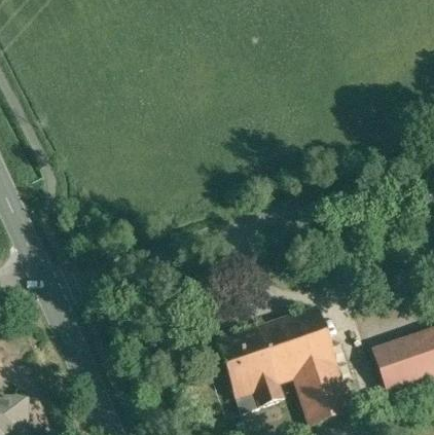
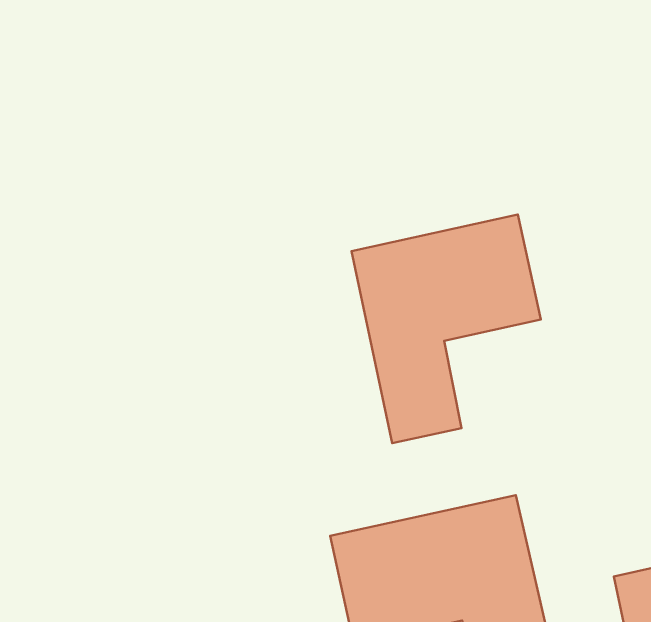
building: none -> [351,215,541,443]

